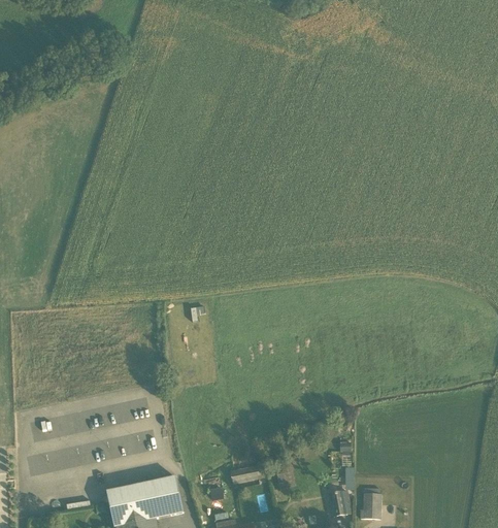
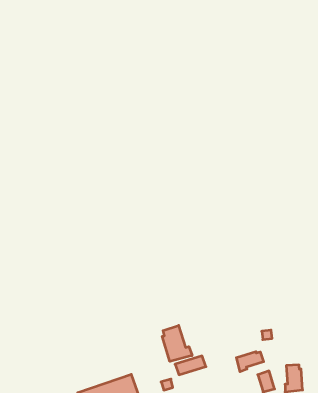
building: none -> [162,325,192,361]
building: none -> [236,352,264,372]

